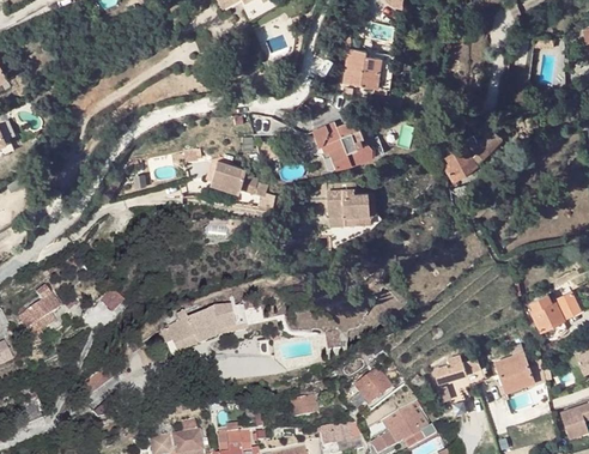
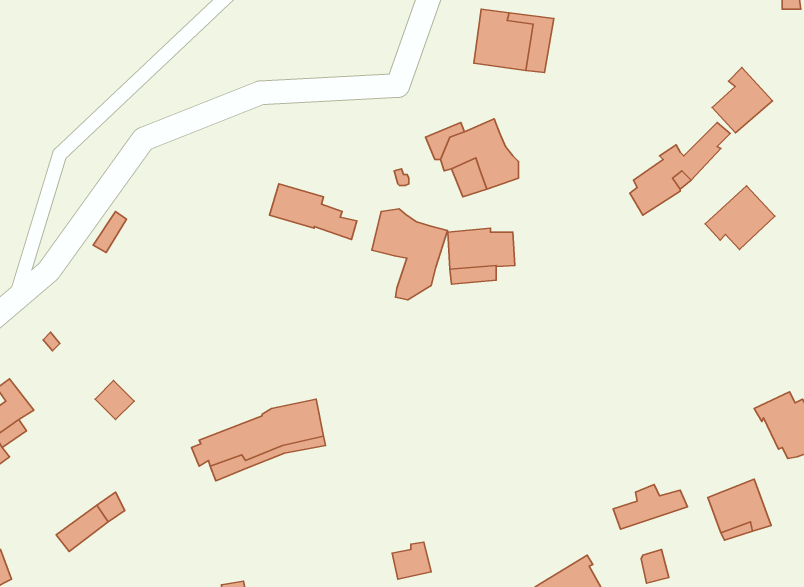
building: none -> [712,67,773,133]
building: none -> [705,186,775,250]
building: none -> [372,209,447,300]
building: [353,368,390,404] -> none

